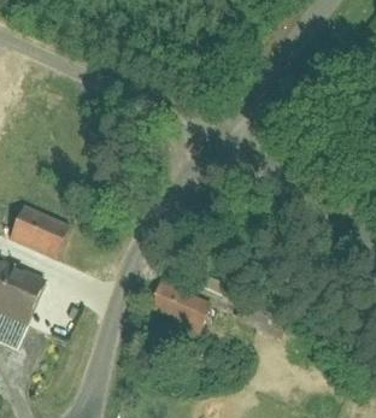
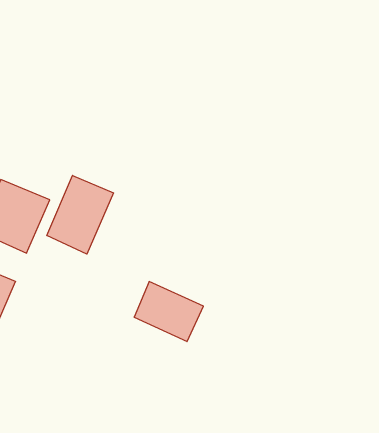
building: none -> [47,175,114,254]

